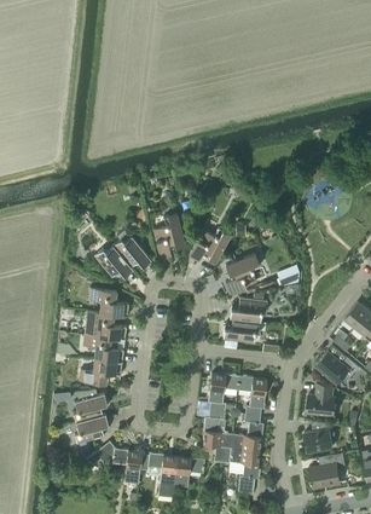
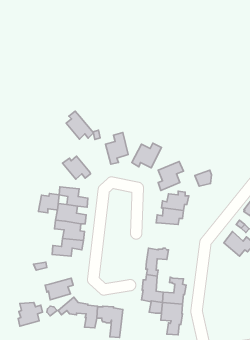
building: [112,230,150,268] -> [66,111,93,139]
building: none -> [38,193,59,213]
building: [237,375,267,416] -> none
building: [307,383,335,417] -> none
building: [73,391,106,423] -> [18,303,43,326]
building: [303,421,332,452] -> none
building: [309,454,344,489] -> none
building: [173,458,204,487] -> none

